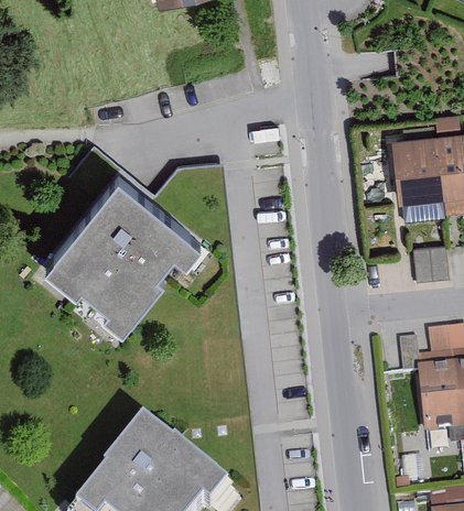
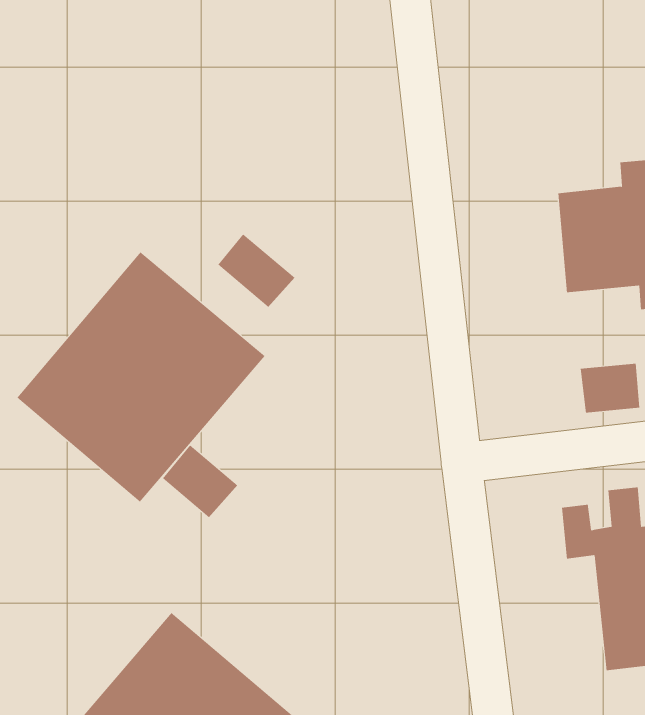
building: none -> [217,233,295,308]
building: none -> [162,445,238,518]

